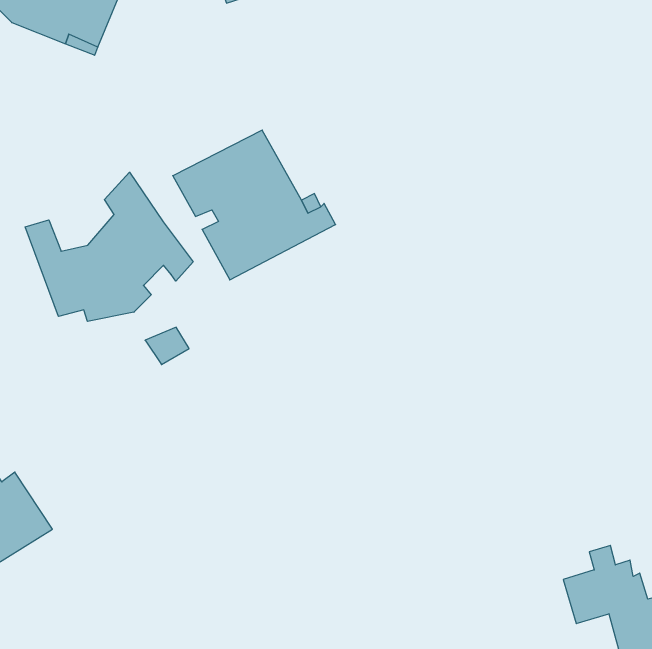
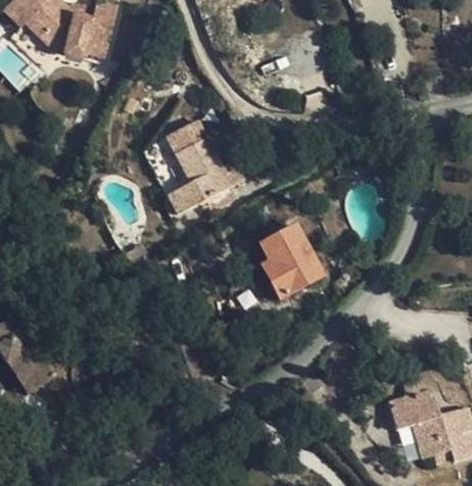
building: [25,172,193,321] -> none
building: none -> [258,224,323,300]

